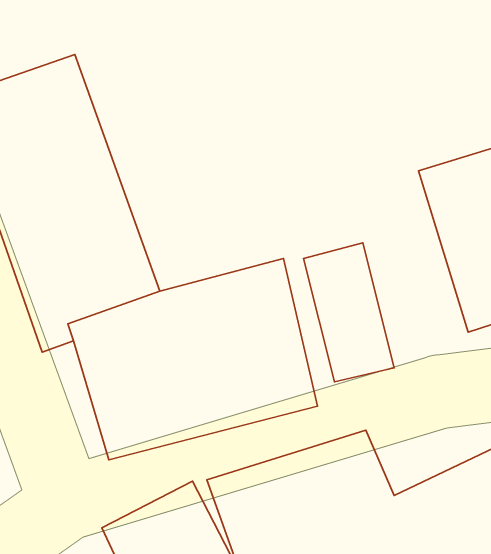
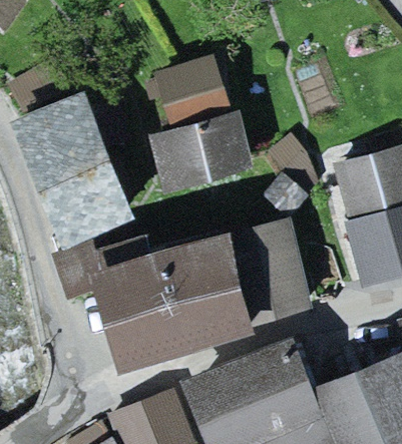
building: none -> [157,53,251,189]

